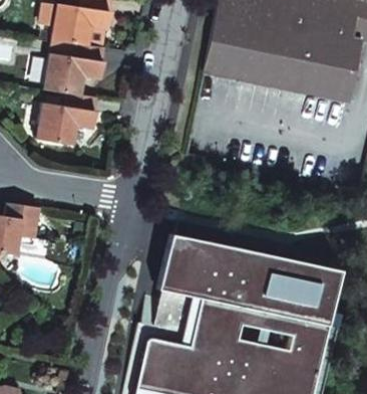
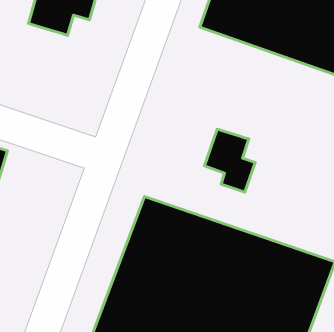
building: [36,93,96,144] -> none
building: none -> [205,129,255,192]

